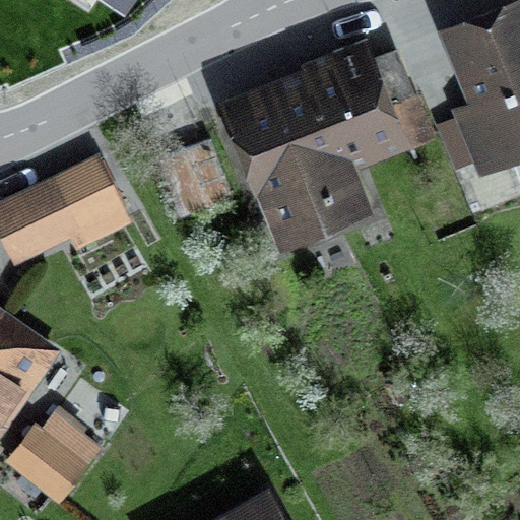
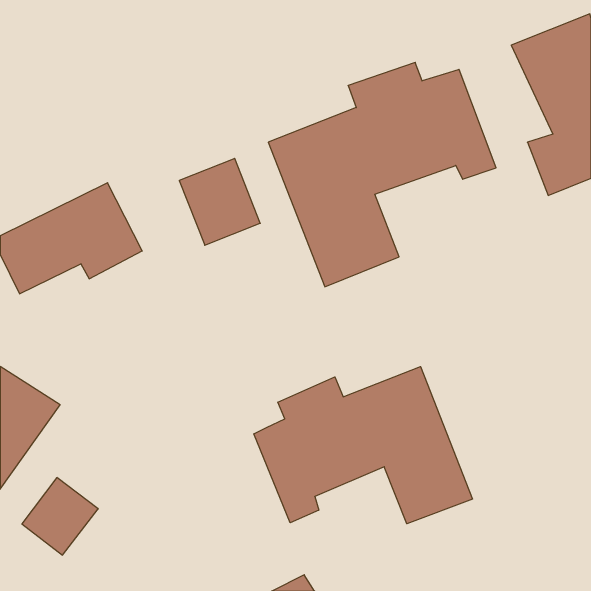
building: none -> [254,367,473,524]

